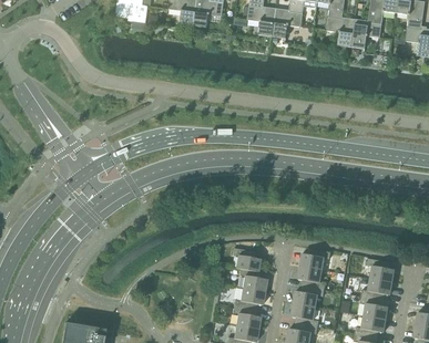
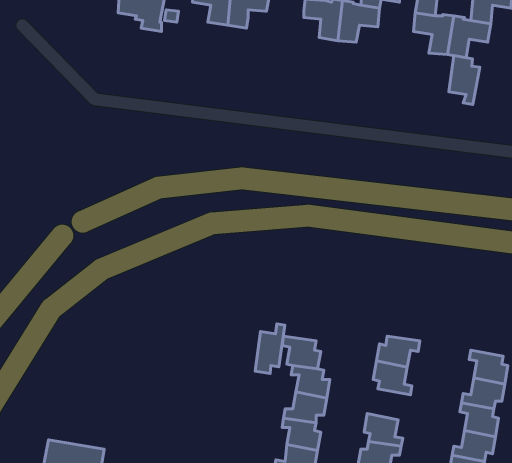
building: none -> [449,56,480,104]
building: none -> [255,324,285,373]
building: [294,285,325,308] -> none

